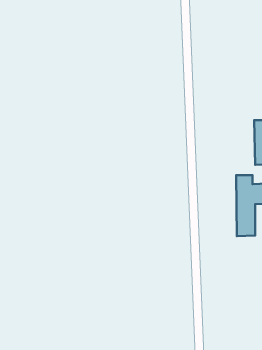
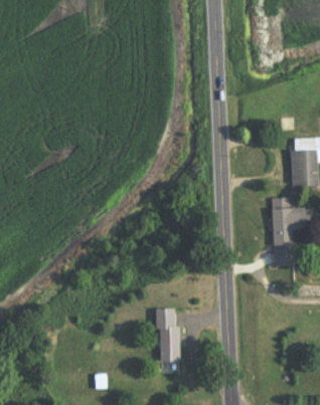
building: none -> [159,309,178,362]

